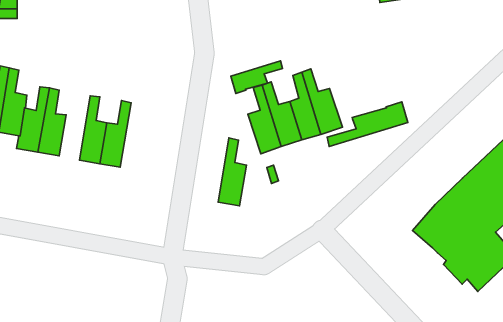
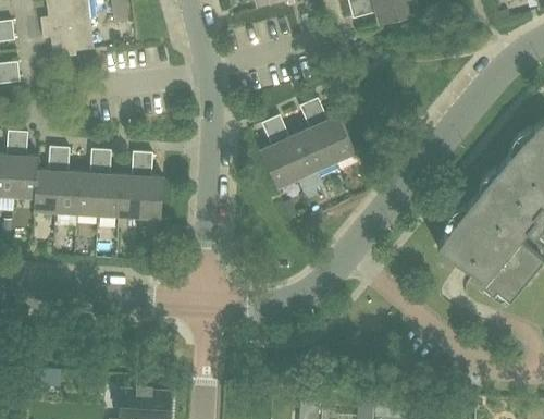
building: [231,61,282,93] -> none
building: none -> [77,149,101,215]
building: [327,102,408,146] -> none
building: [218,138,246,206] -> [139,152,163,219]

